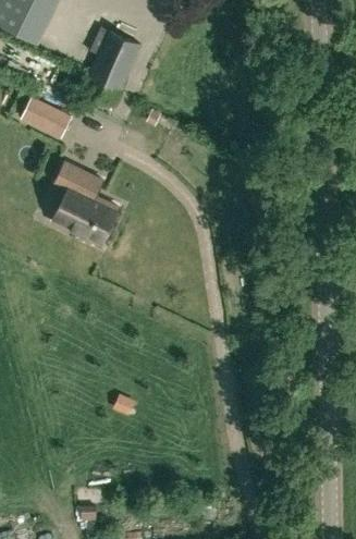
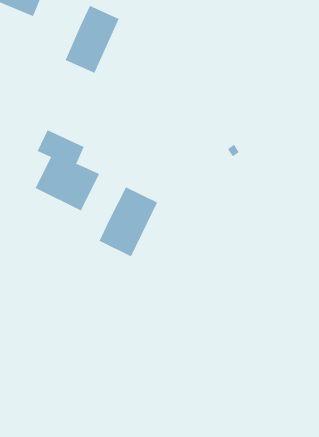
building: [20,96,71,137] -> none
building: none -> [99,186,158,257]

